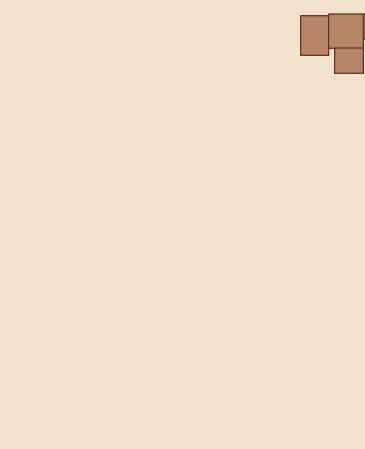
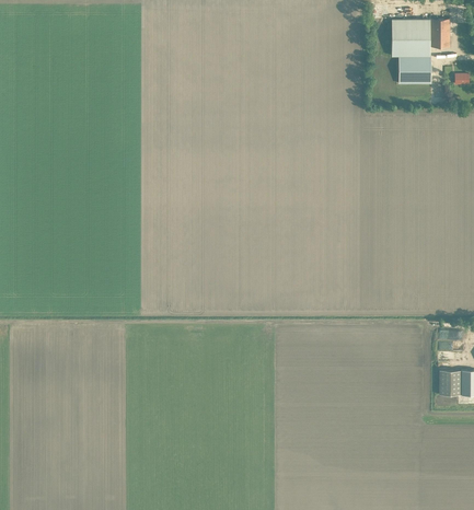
building: [301,16,329,55] -> none

